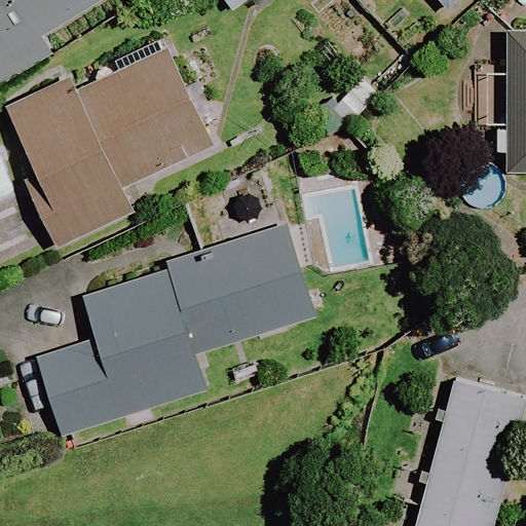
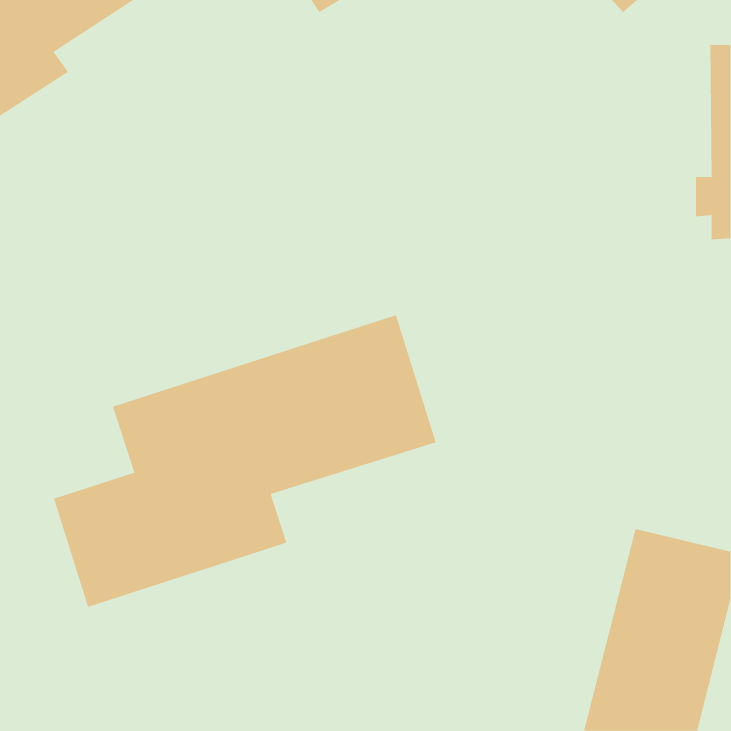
building: [9,50,210,248] -> none

